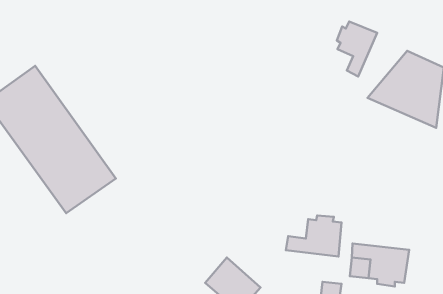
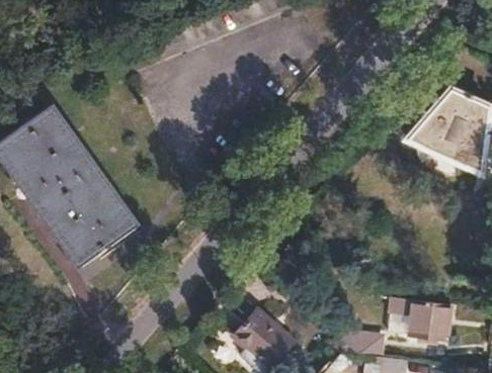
building: [337,21,377,76] -> none
building: [286,215,342,256] -> none

